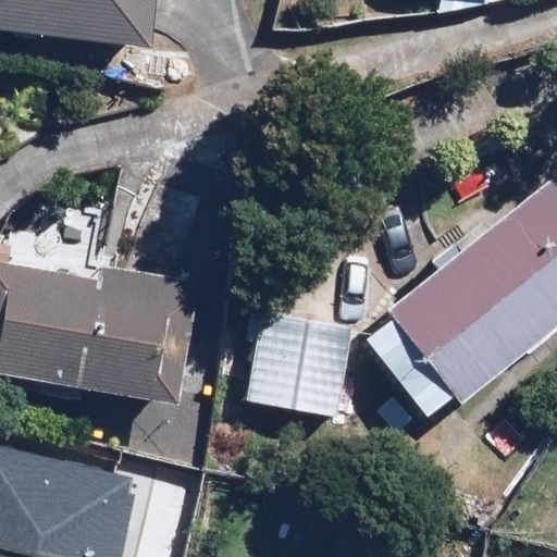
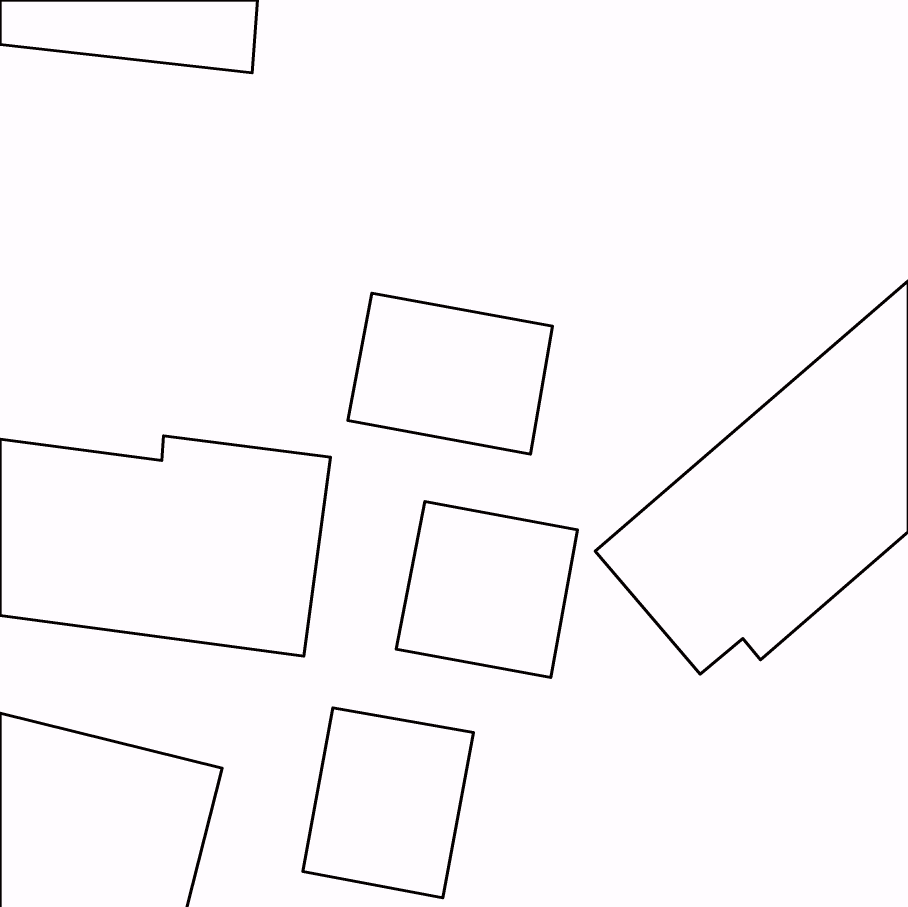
building: none -> [348,293,552,454]
building: none -> [303,708,473,898]

